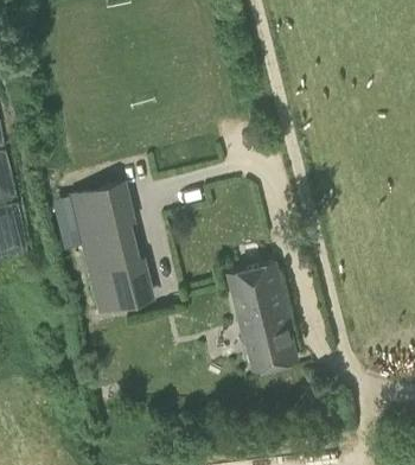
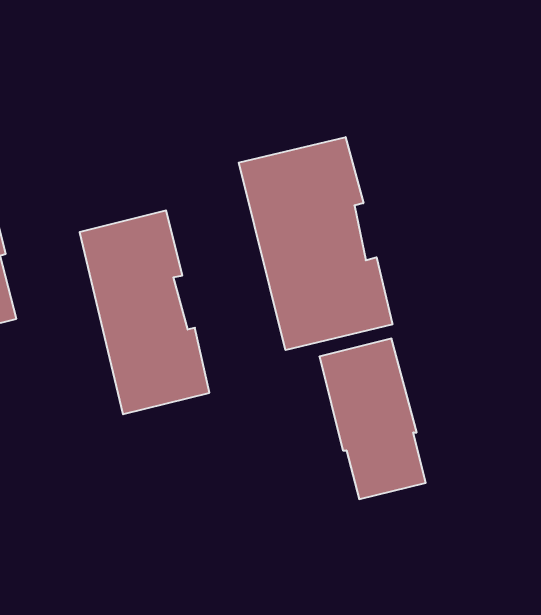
building: none -> [239,137,392,350]

